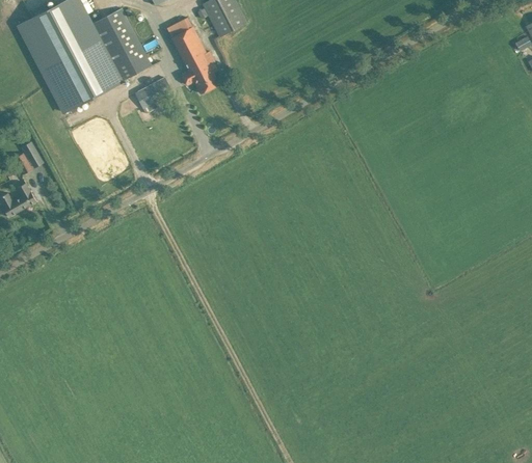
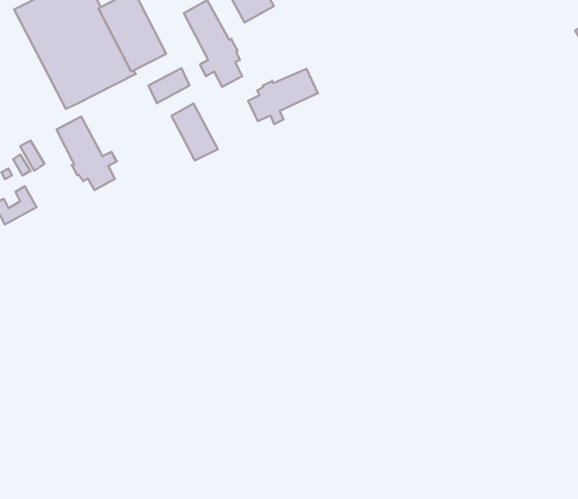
building: none -> [248,69,318,124]
building: none -> [171,104,218,160]
building: none -> [57,116,117,190]

